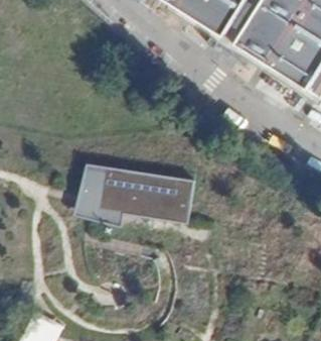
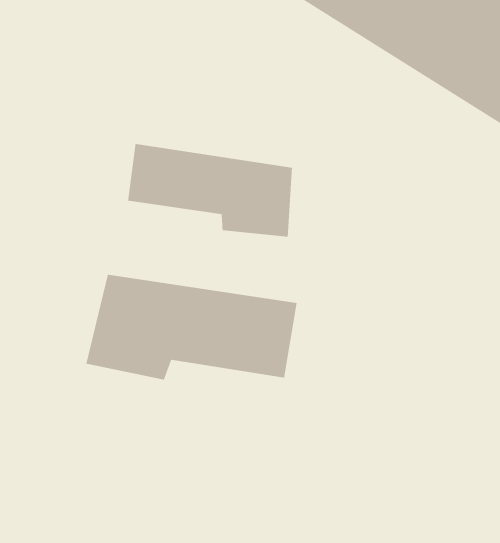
building: none -> [127,143,292,238]

